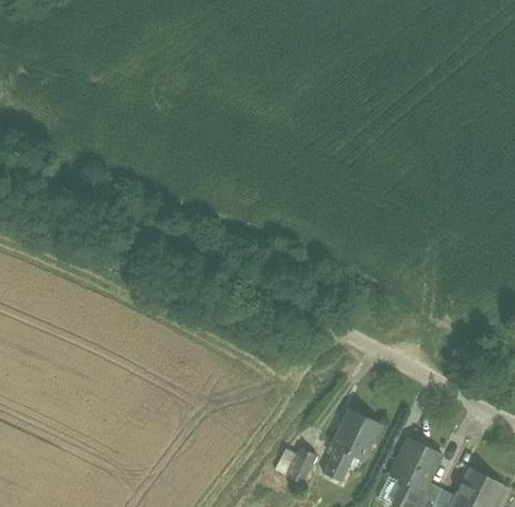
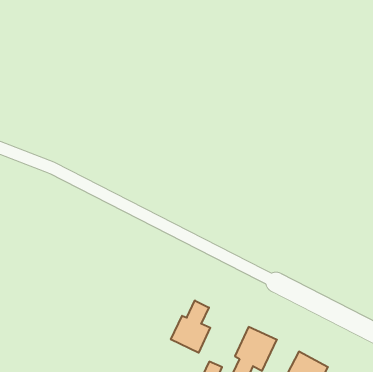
building: none -> [171,300,210,353]

